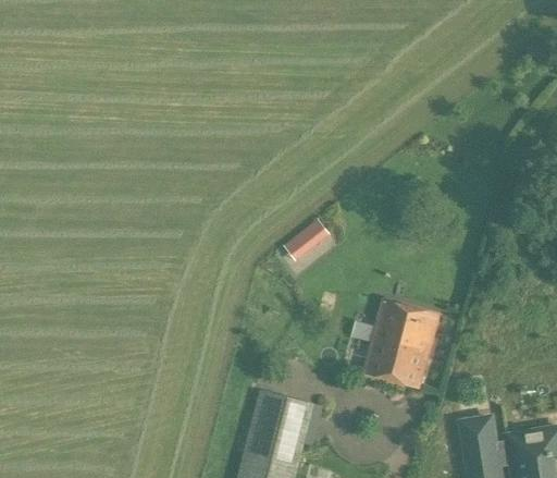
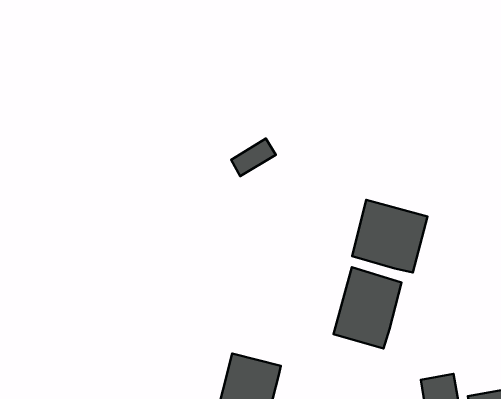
building: [284,220,332,260] -> [231,139,276,176]
building: none -> [352,200,427,272]

